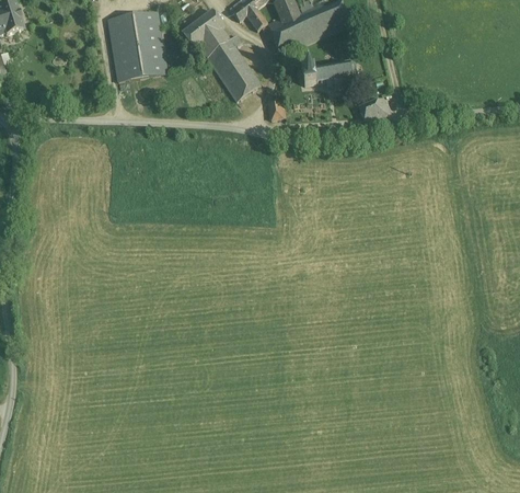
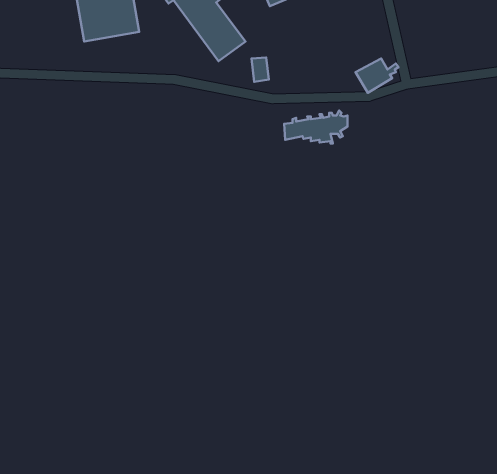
building: [304,60,361,90] -> [284,111,348,144]

